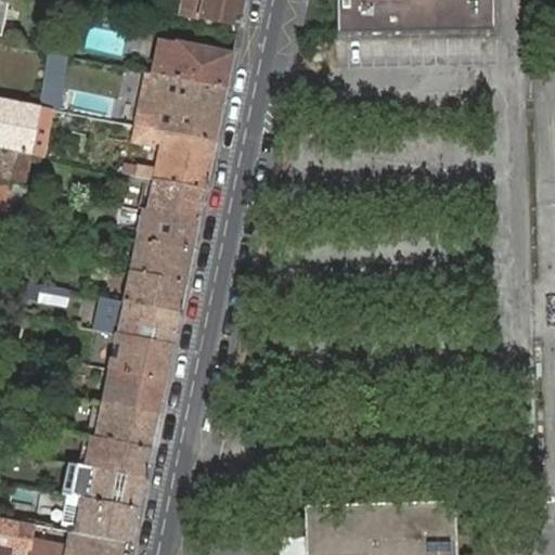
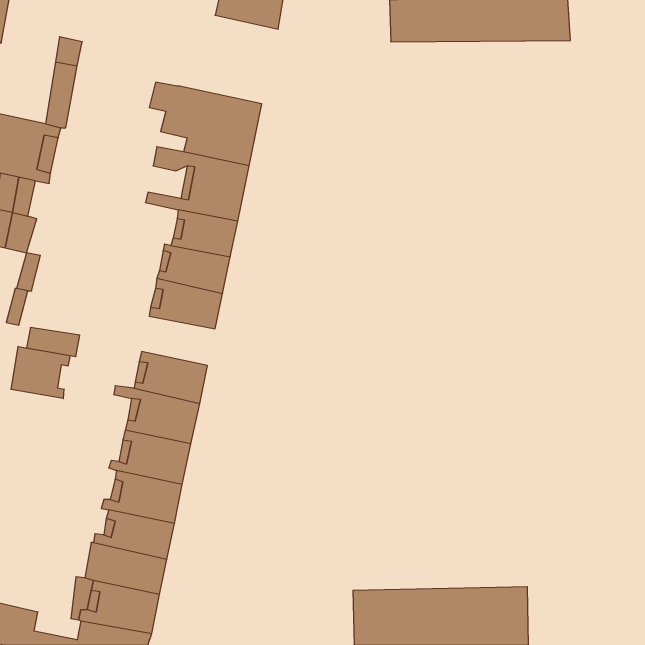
building: [154,39,232,89] -> none
building: [121,271,184,313] -> none
building: none -> [11,346,70,399]

